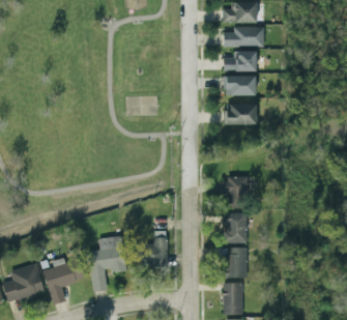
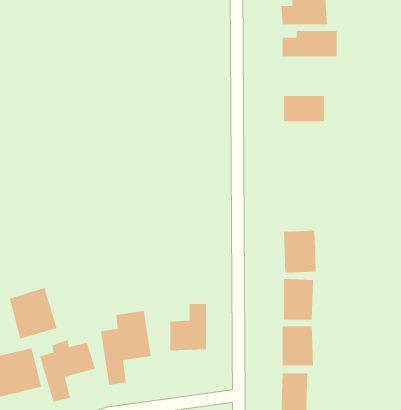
building: [223,51,256,71] -> none
building: [224,104,256,125] -> none
building: none -> [9,287,57,340]

